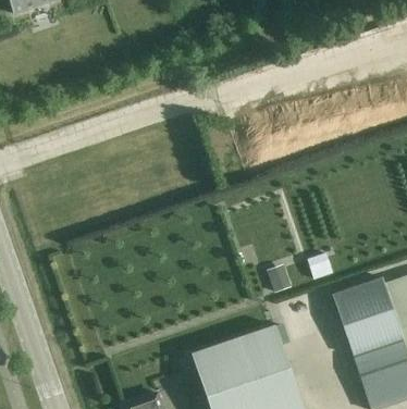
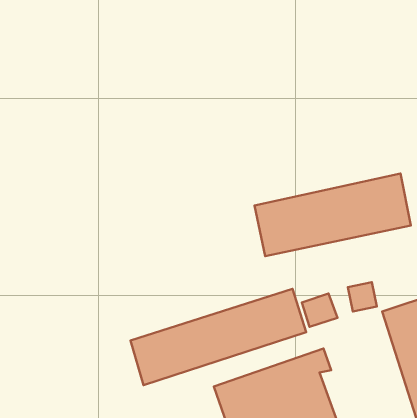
building: none -> [254,173,411,256]
building: none -> [130,289,306,385]

